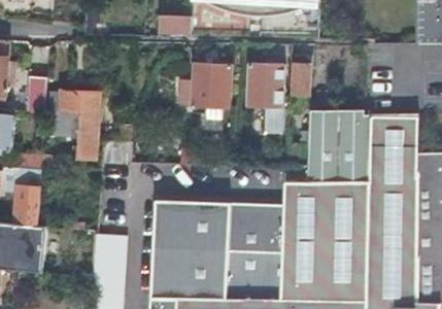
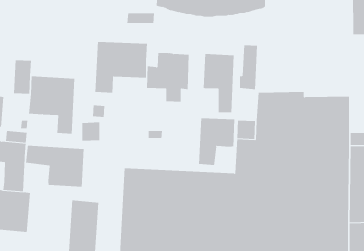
building: none -> [95,41,147,93]
building: none -> [199,118,235,166]
building: none -> [26,145,84,187]

